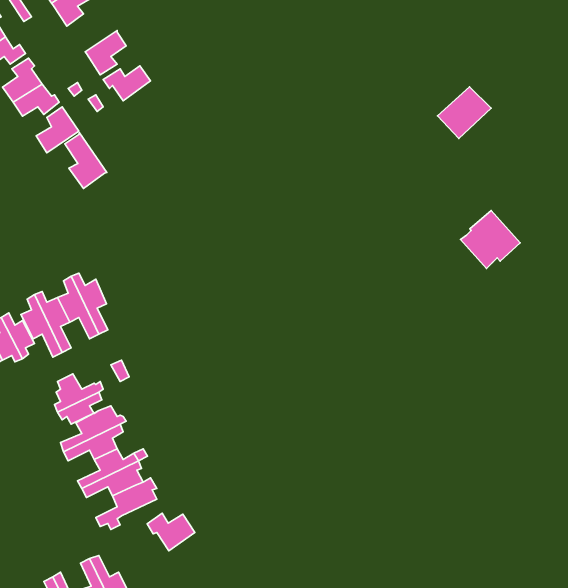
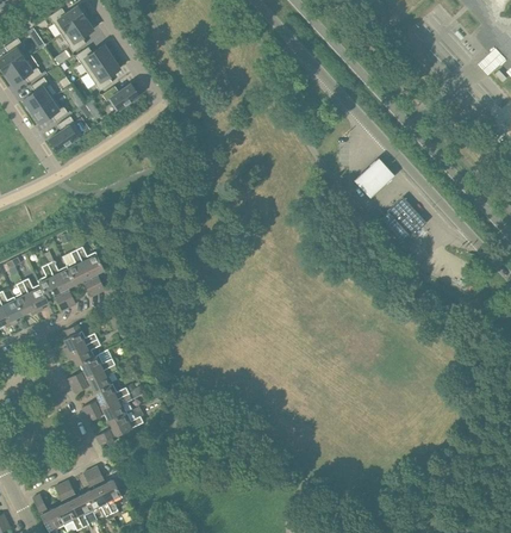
building: none -> [75,45,112,73]
building: [438,87,491,139] -> [355,157,397,198]
building: [65,133,107,188] -> none
building: [147,513,195,551] -> none

